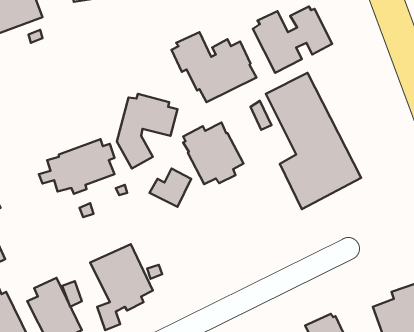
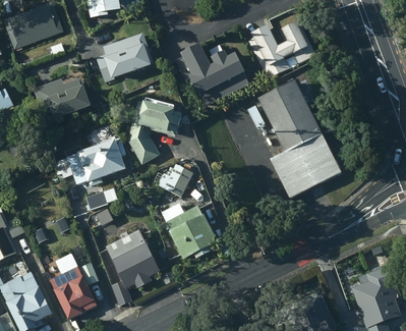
building: none -> [96,32,150,79]
building: none -> [33,77,91,119]
building: [183,123,244,184] -> [164,205,217,259]

